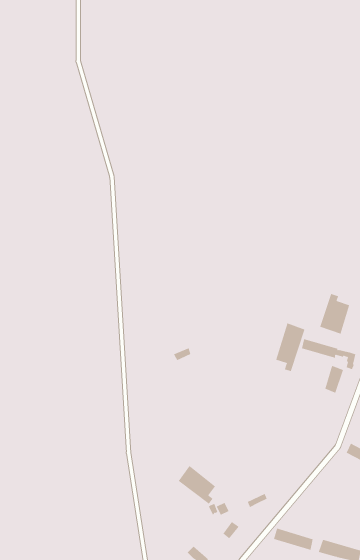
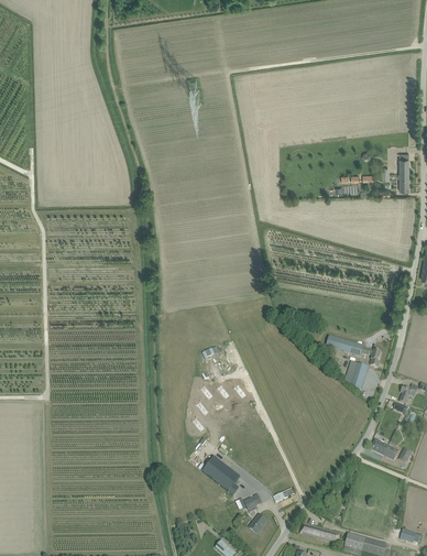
building: [319,293,350,335] -> none
building: [276,323,305,372] -> none

